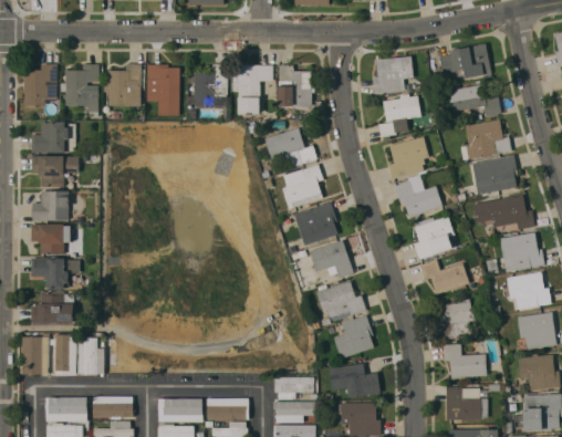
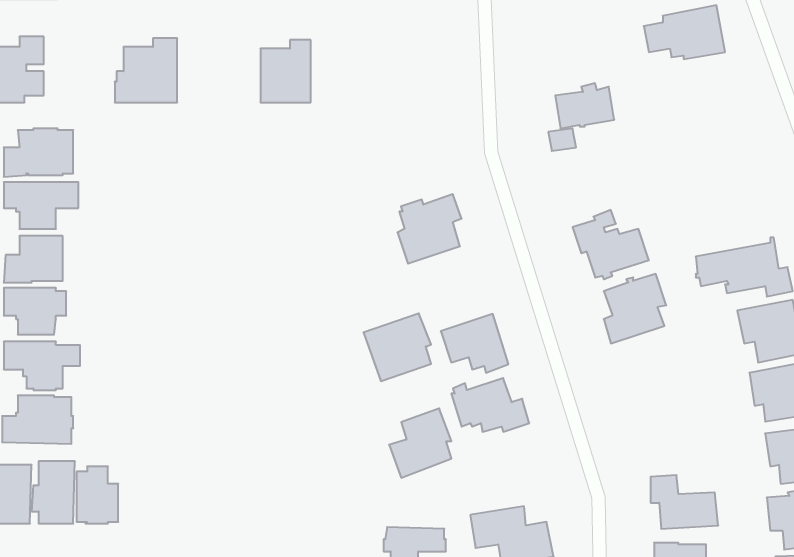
building: [372,55,413,93] -> none
building: [62,64,98,116] -> none
building: [146,64,180,115] -> none
building: [278,64,315,107] -> none
building: [238,65,272,114] -> none
building: [448,84,500,116] -> none
building: [460,119,511,159] -> none
building: [264,127,316,167] -> none
building: [387,136,429,179] -> none
building: [471,155,518,194] -> none
building: [294,201,337,244] -> [363,313,431,381]
building: [420,259,469,293] -> none
building: [435,299,475,341] -> none
building: [333,314,373,358] -> [389,408,451,478]

